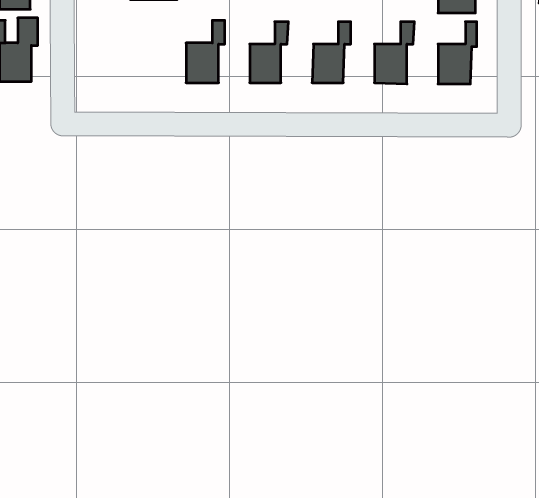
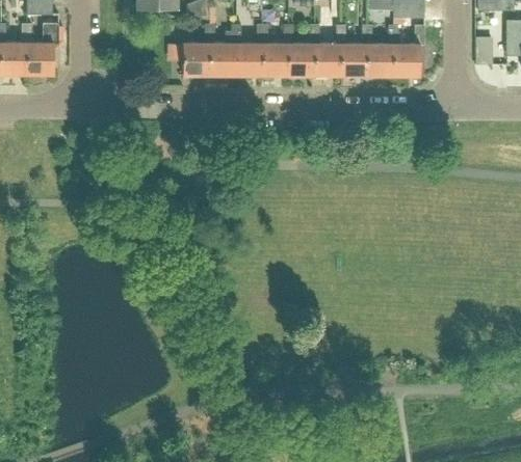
building: none -> [210,24,241,76]
building: none -> [262,25,294,76]
building: none -> [314,25,346,76]
building: none -> [367,25,399,77]

